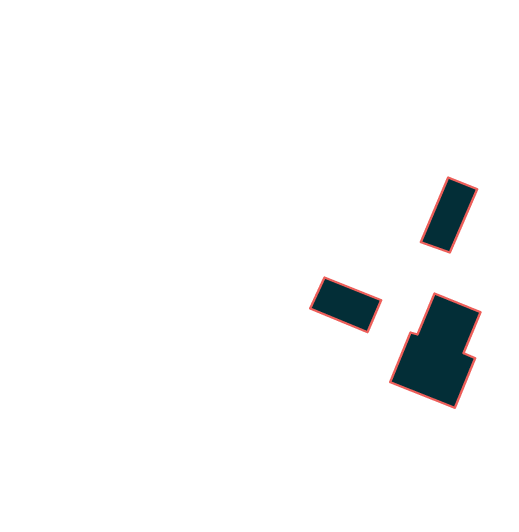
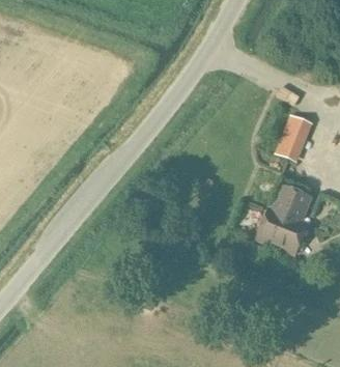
building: [310,278,381,332] -> none

